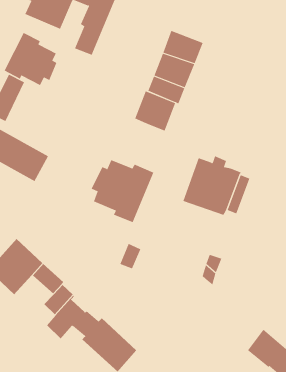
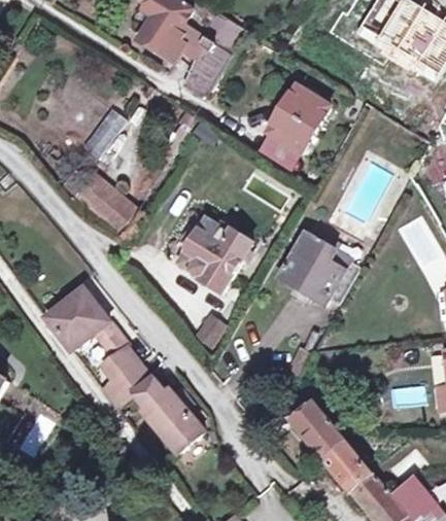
building: [4,32,57,86] -> none
building: [134,90,176,131] -> none
building: none -> [287,394,341,457]

